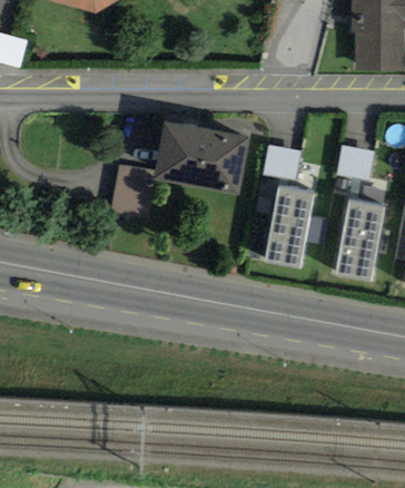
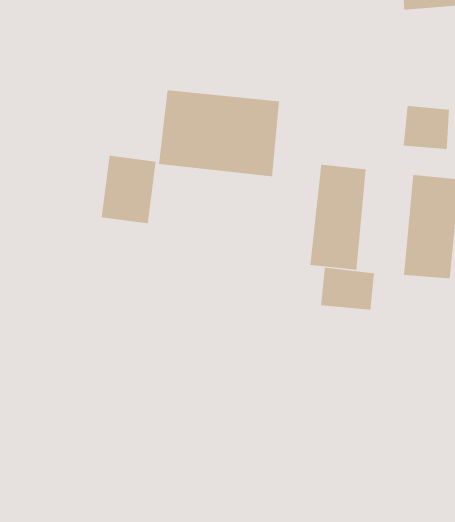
building: [266,144,305,184] -> none
building: none -> [320,267,375,310]

